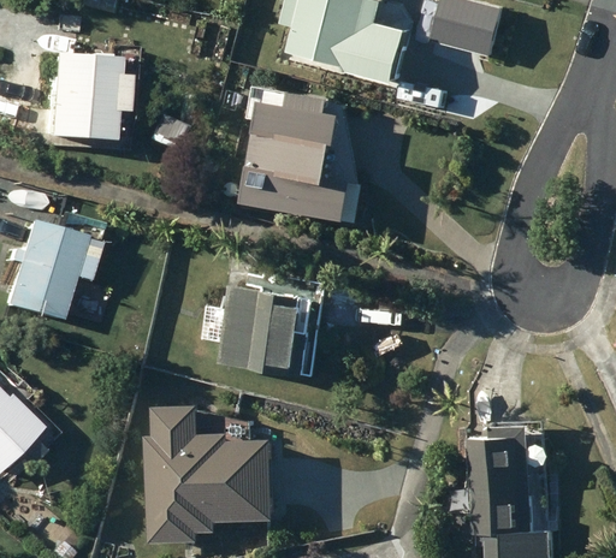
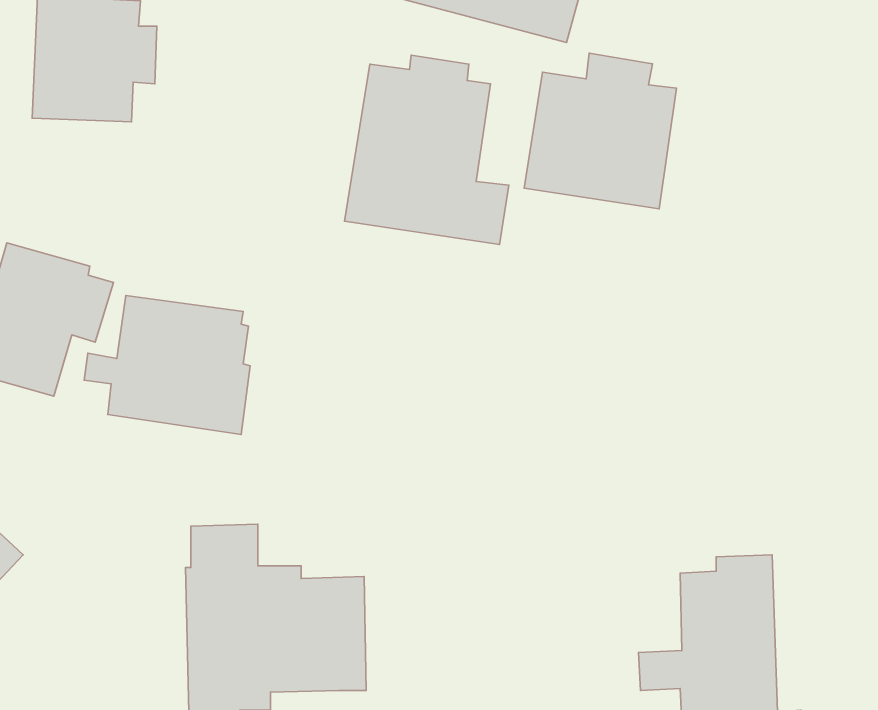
building: none -> [524,53,676,209]
building: [207,286,318,379] -> [84,295,250,434]

